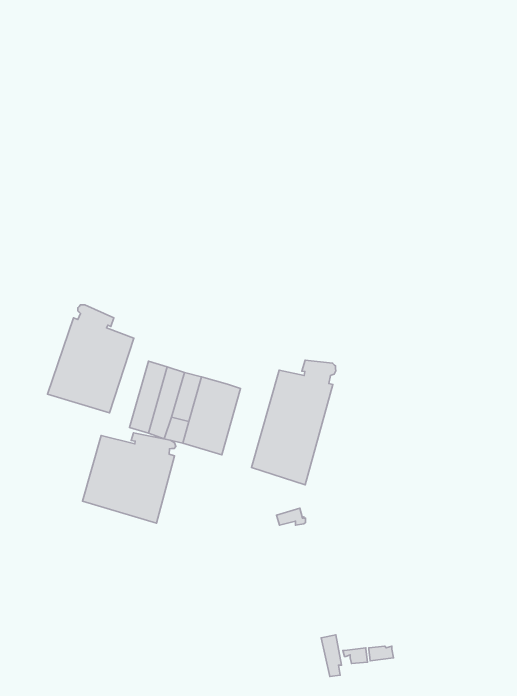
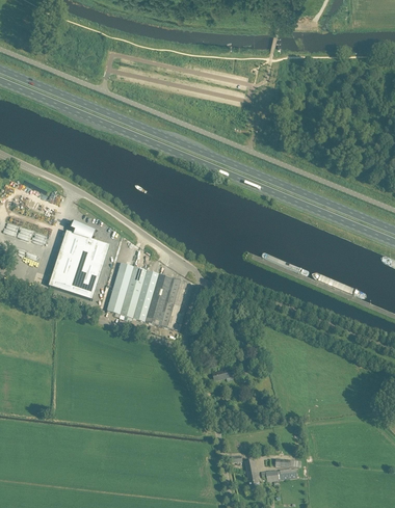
building: [252,360,336,485] -> none
building: [83,433,176,523] -> none

